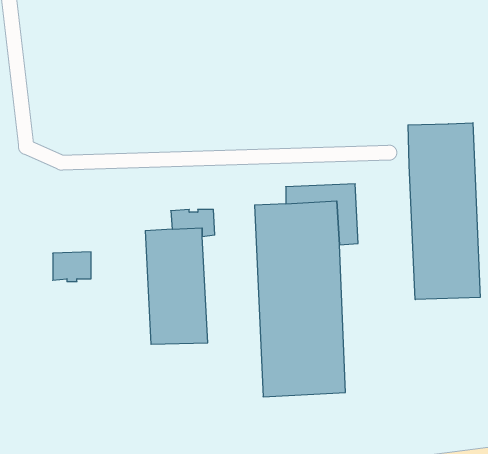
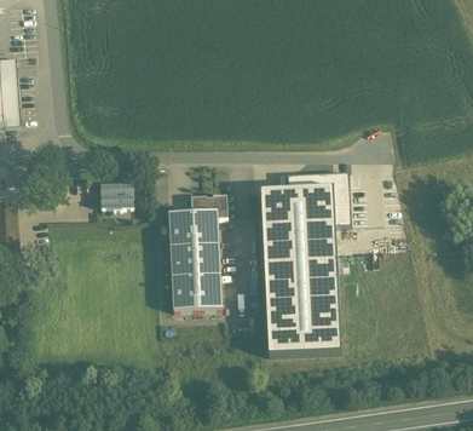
building: [408,123,480,300] -> none
building: [53,252,91,282] -> [99,182,132,207]

